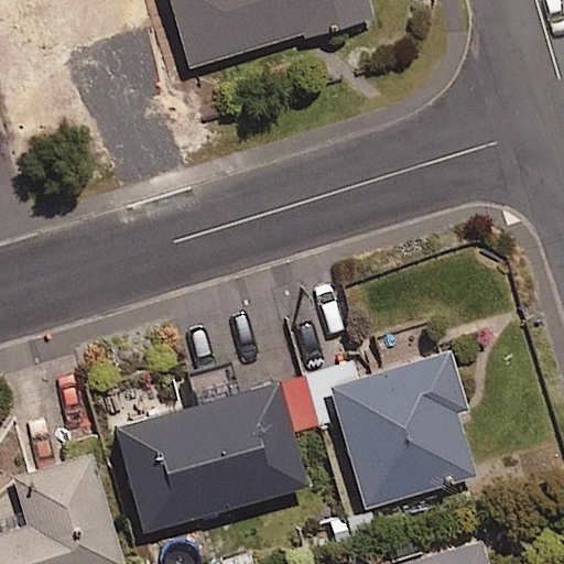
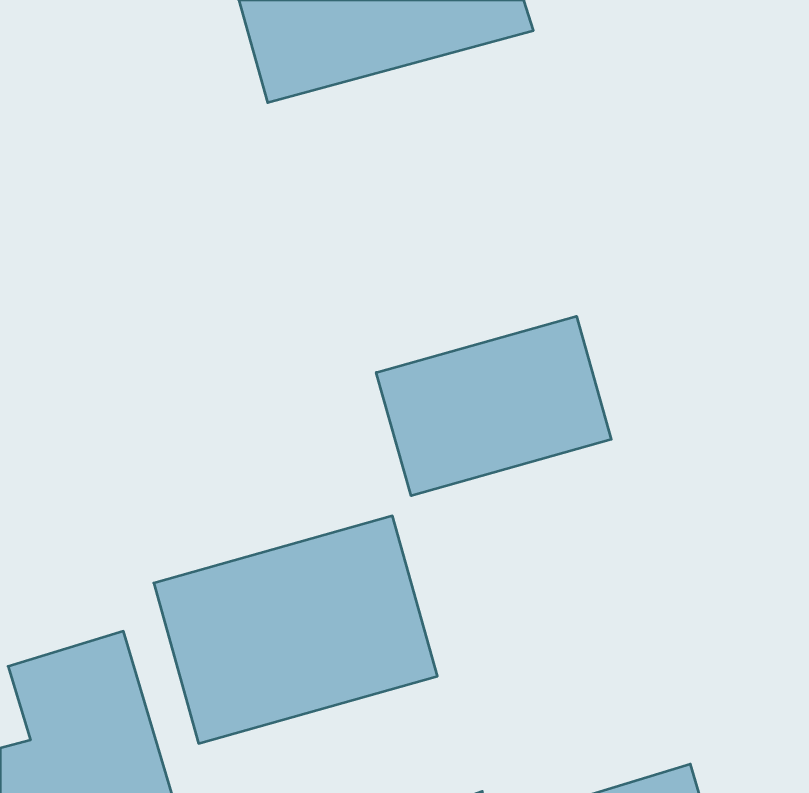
building: none -> [376,316,611,496]
building: [310,346,477,508] -> none

